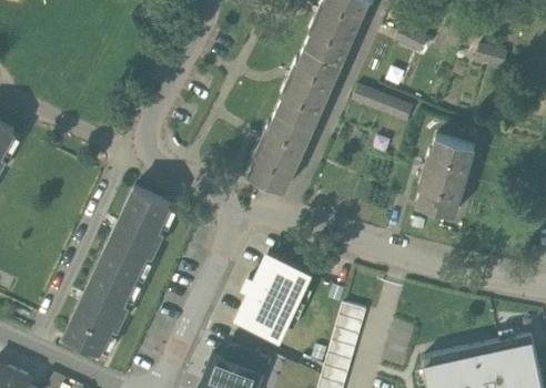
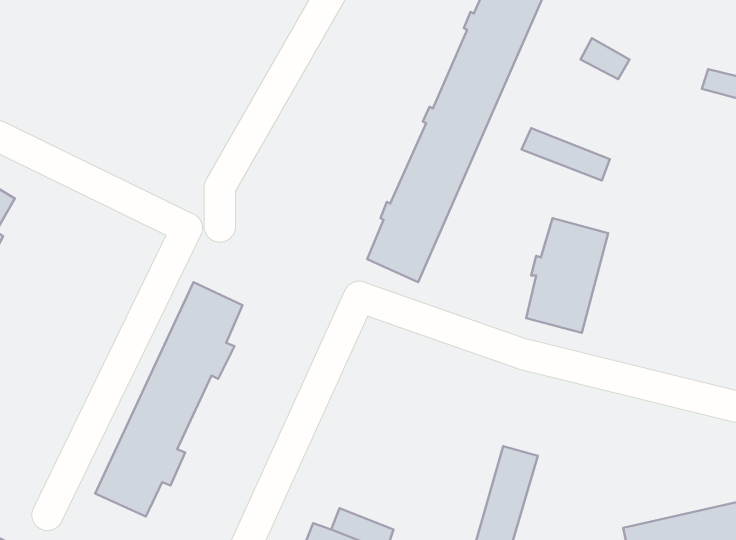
building: [416,139,472,216] -> [526,218,608,333]
building: [236,254,311,343] -> none

